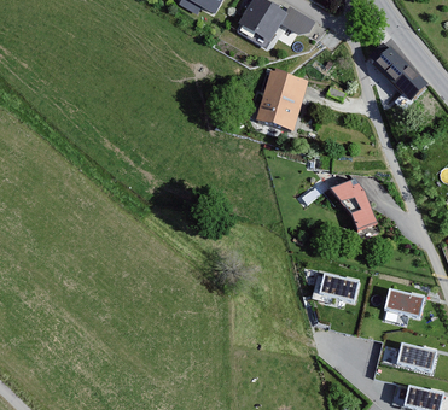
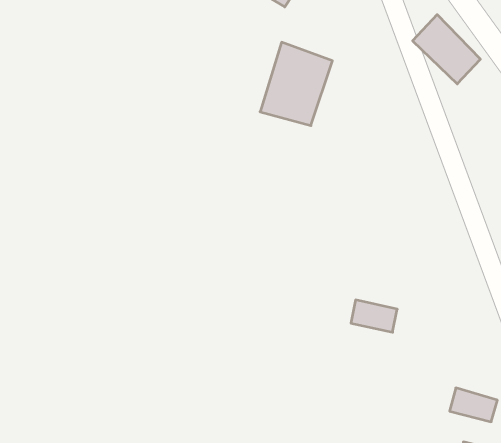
building: [327,181,377,232] -> none
building: [388,288,424,314] -> none

